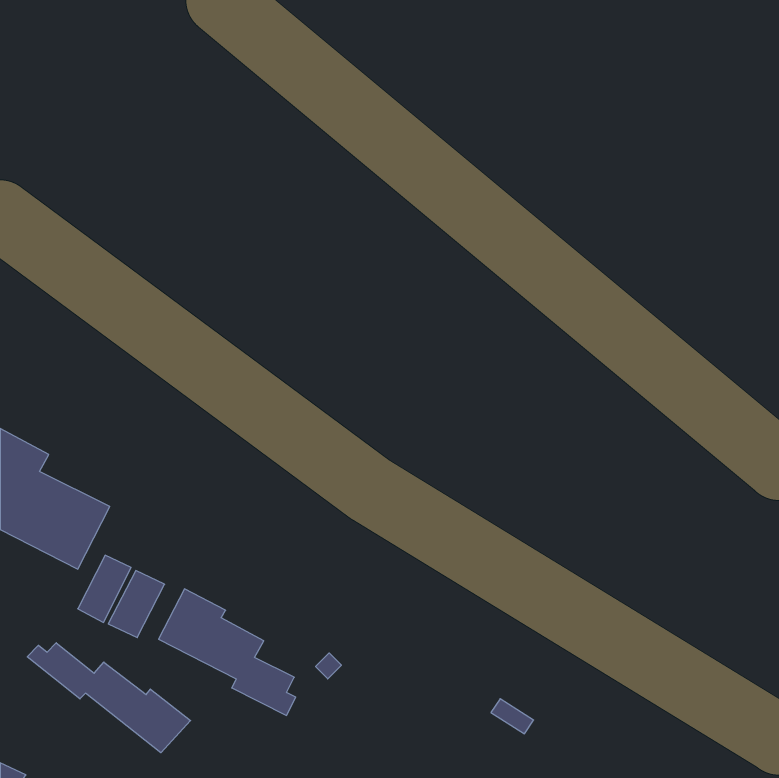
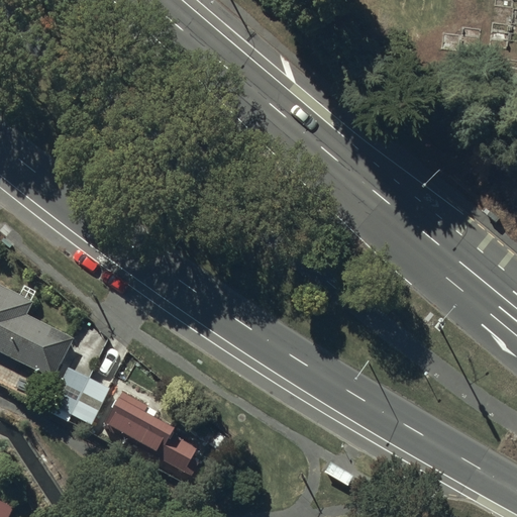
building: [27,643,191,753] -> none

